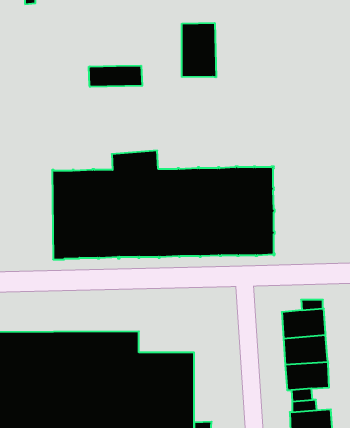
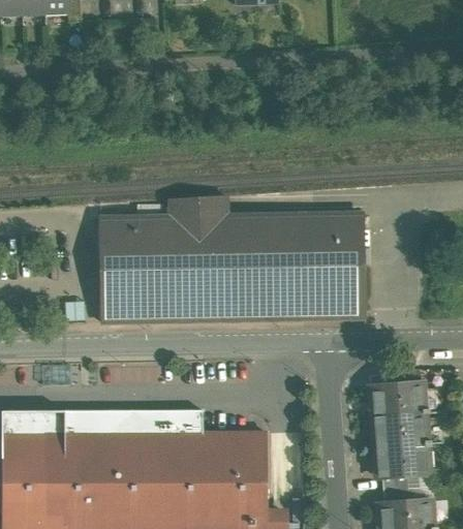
building: [182,23,216,77] -> none
building: [89,66,142,87] -> none

